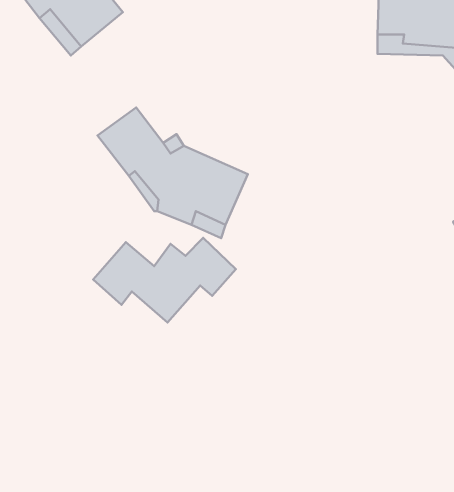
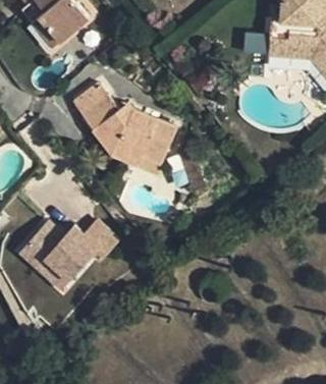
building: [93,238,236,323] -> [20,222,118,280]

